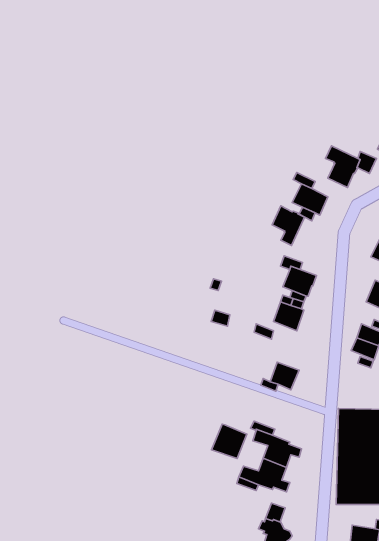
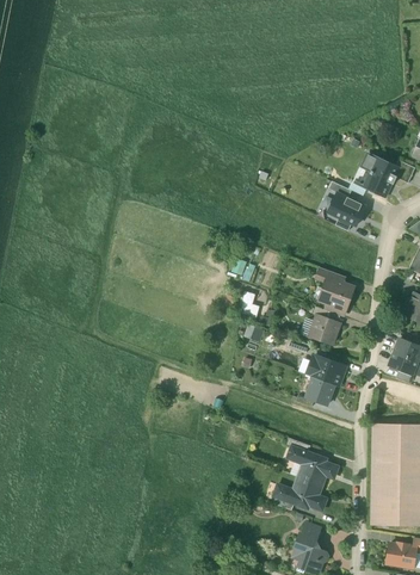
building: [272,206,304,245] -> none
building: none -> [305,355,346,387]
building: [211,424,247,459] -> none

